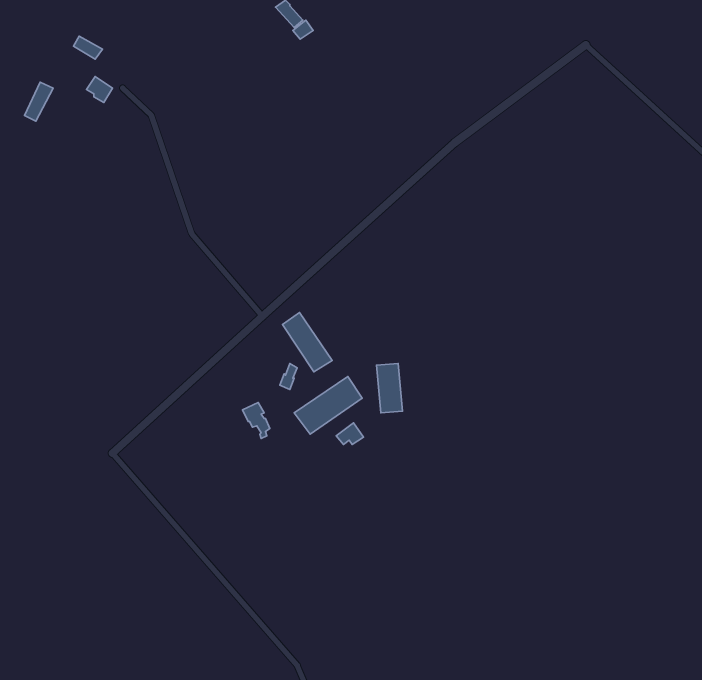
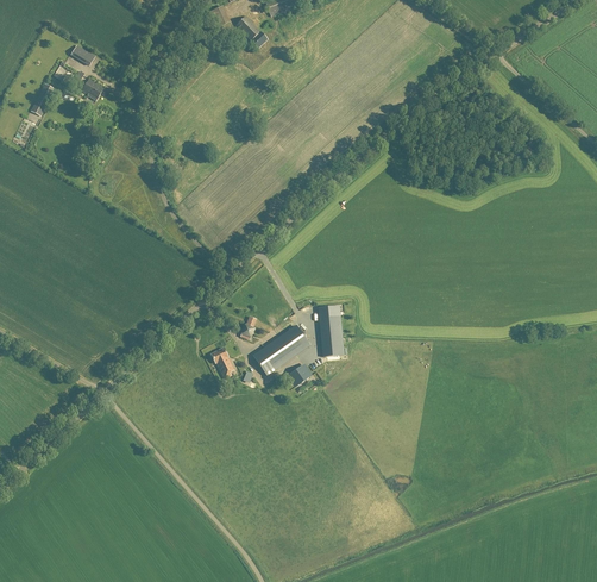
building: [282,313,332,372] -> none

